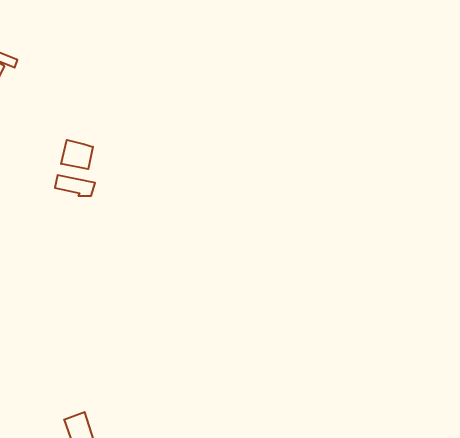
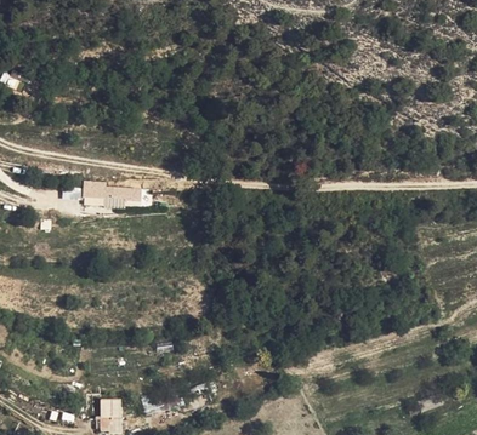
building: [61,140,93,169] -> none

